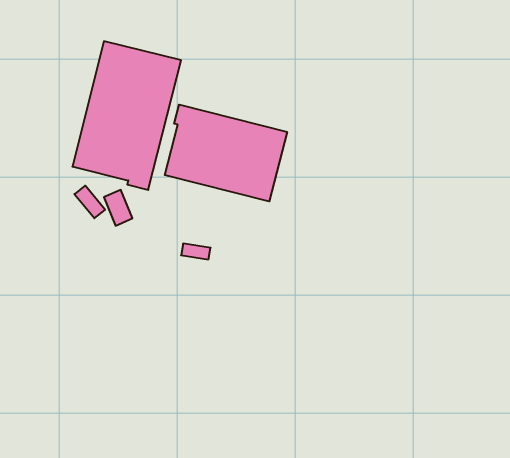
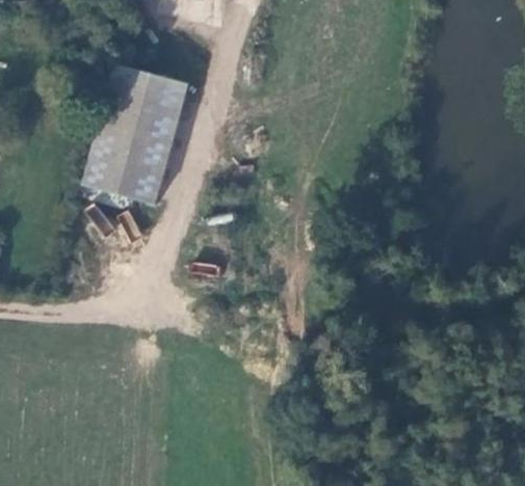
building: [165,105,287,201] -> none

